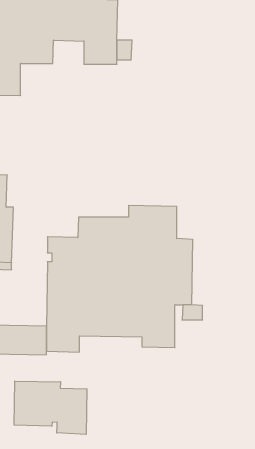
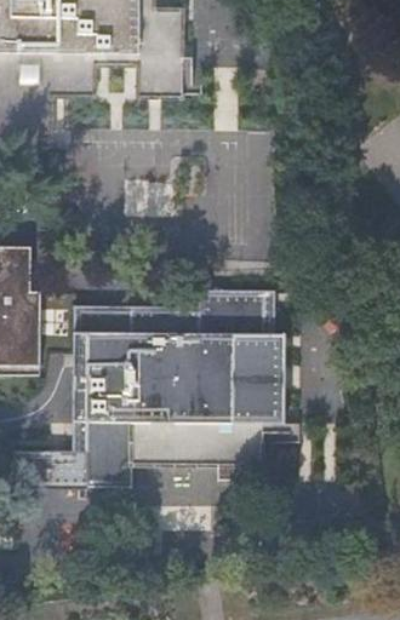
building: [14,381,87,434] -> none

